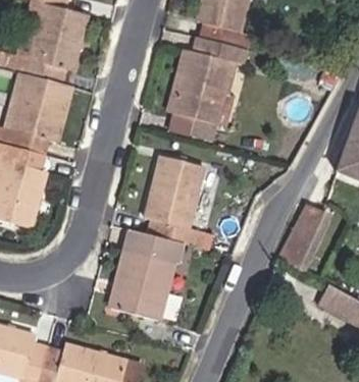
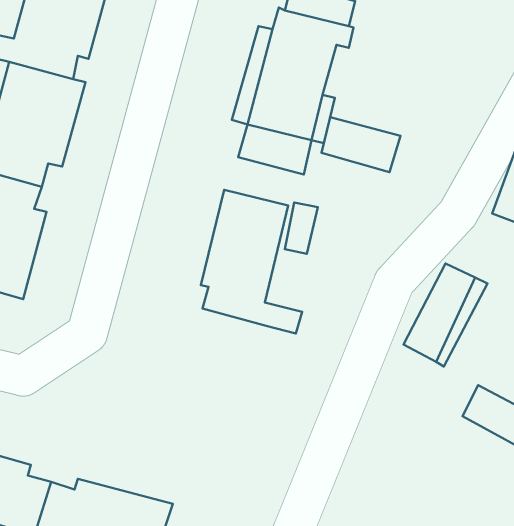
building: none -> [322,117,400,172]
building: [110,229,189,319] -> none

